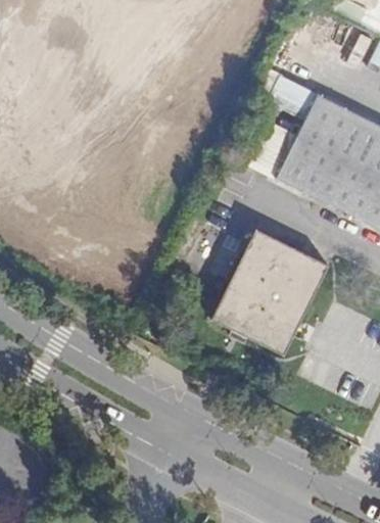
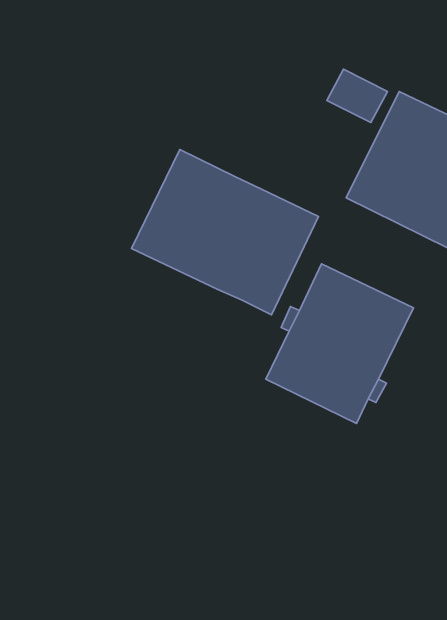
building: none -> [132,149,319,315]

